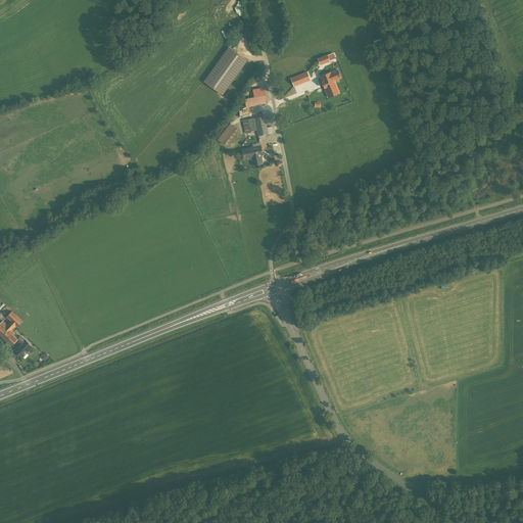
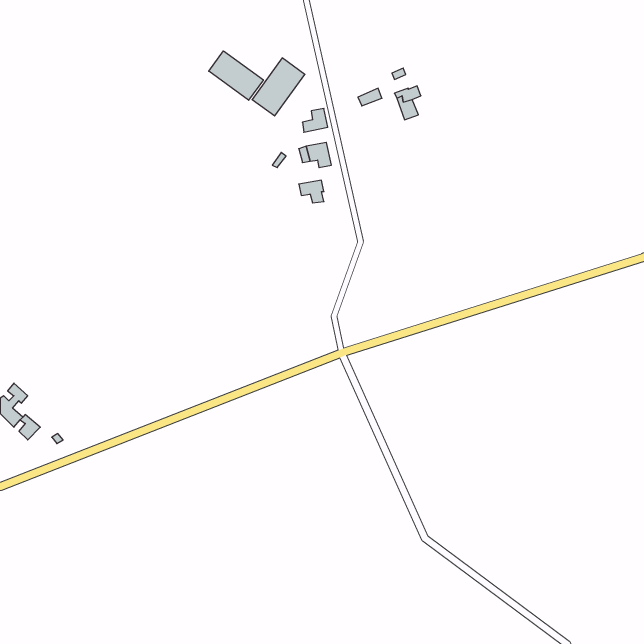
building: none -> [209,51,263,100]

